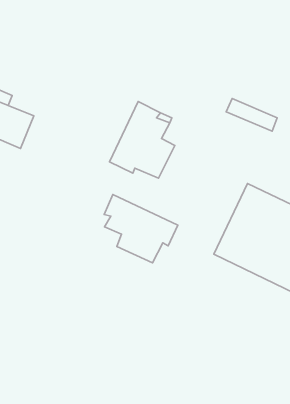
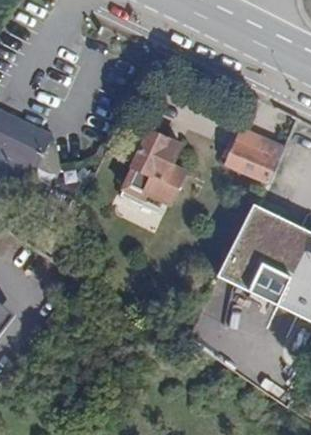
building: none -> [224,138,280,183]
building: [104,194,178,263] -> none

